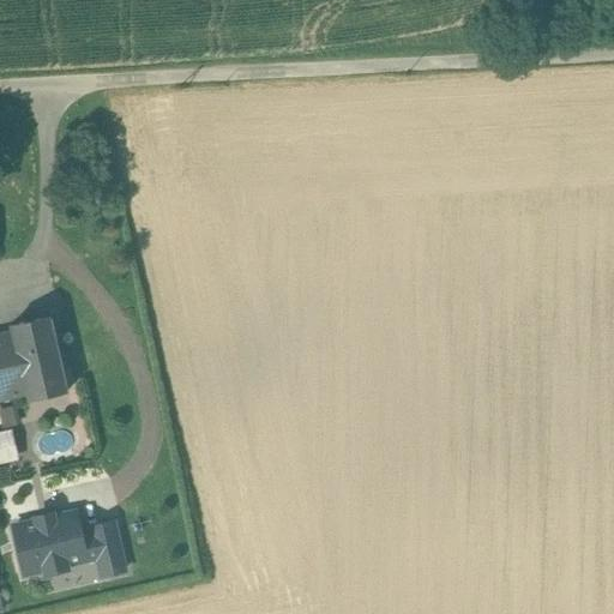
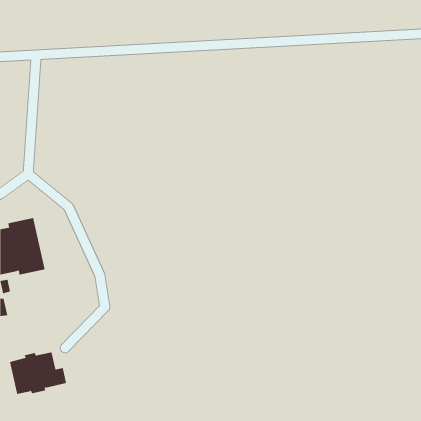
building: [90,522,124,574] -> none

